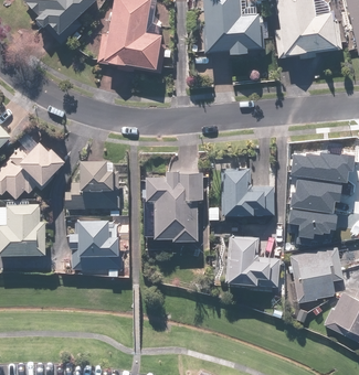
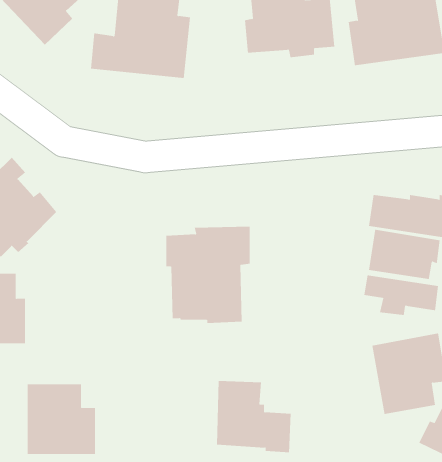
building: [65,161,123,211] -> none
building: [215,161,268,216] -> none
building: [73,221,122,270] -> [27,384,96,455]
building: [226,237,279,288] -> [216,380,292,453]

